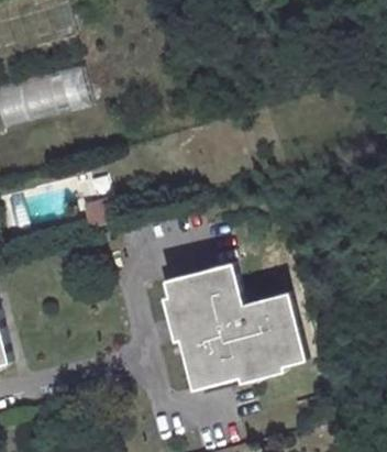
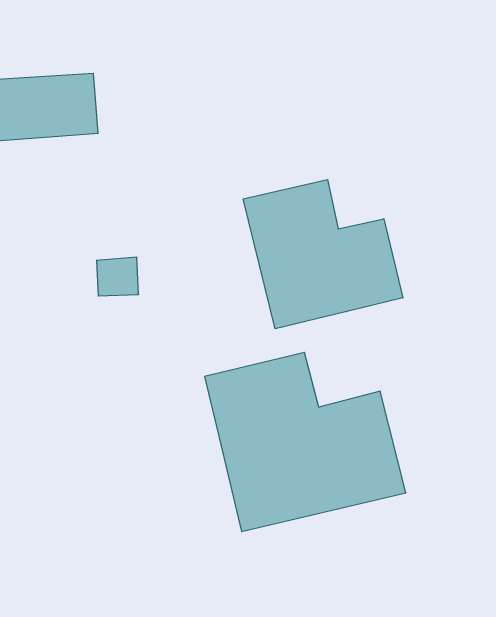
building: none -> [243,180,403,329]

